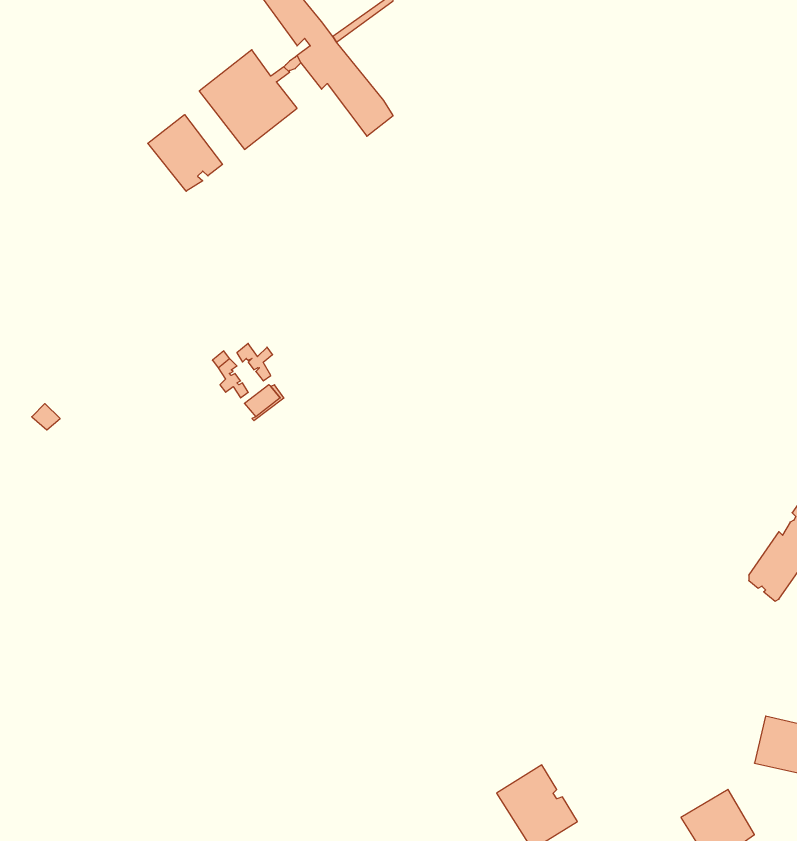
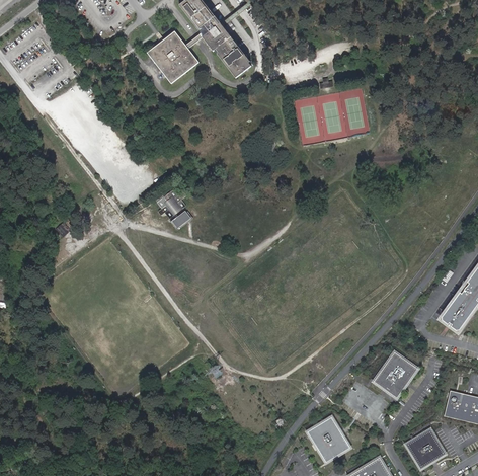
building: [148,115,222,191] -> none
building: none -> [374,351,418,397]

